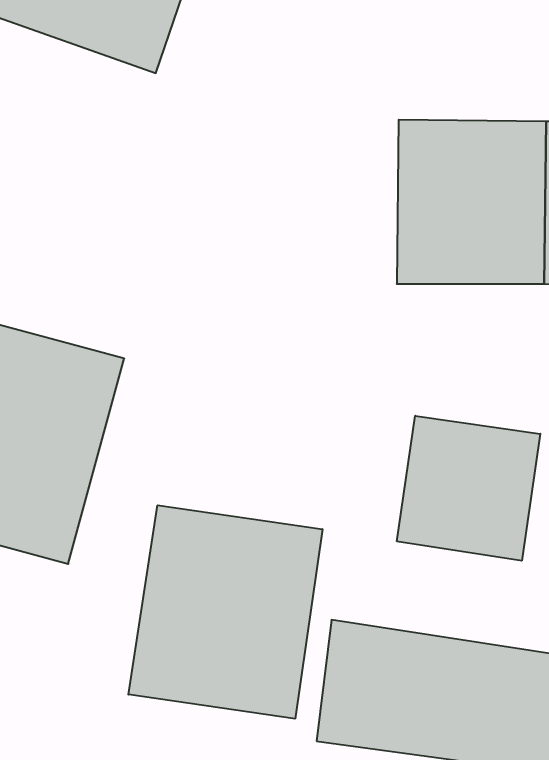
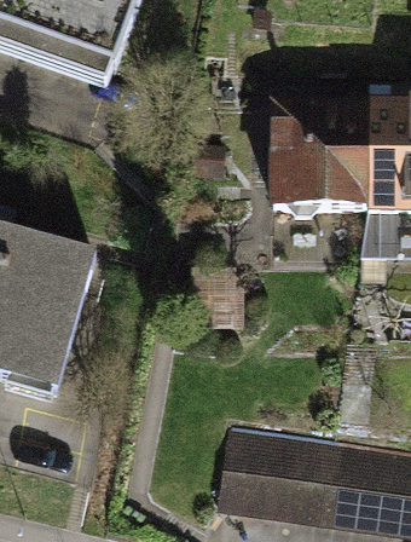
building: [397,416,540,561] -> none
building: [128,505,322,719] -> none

